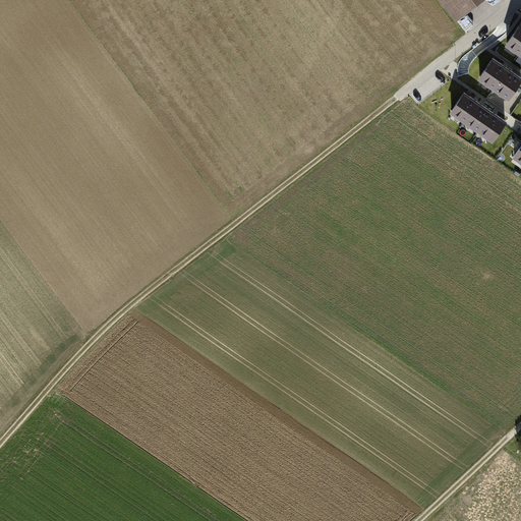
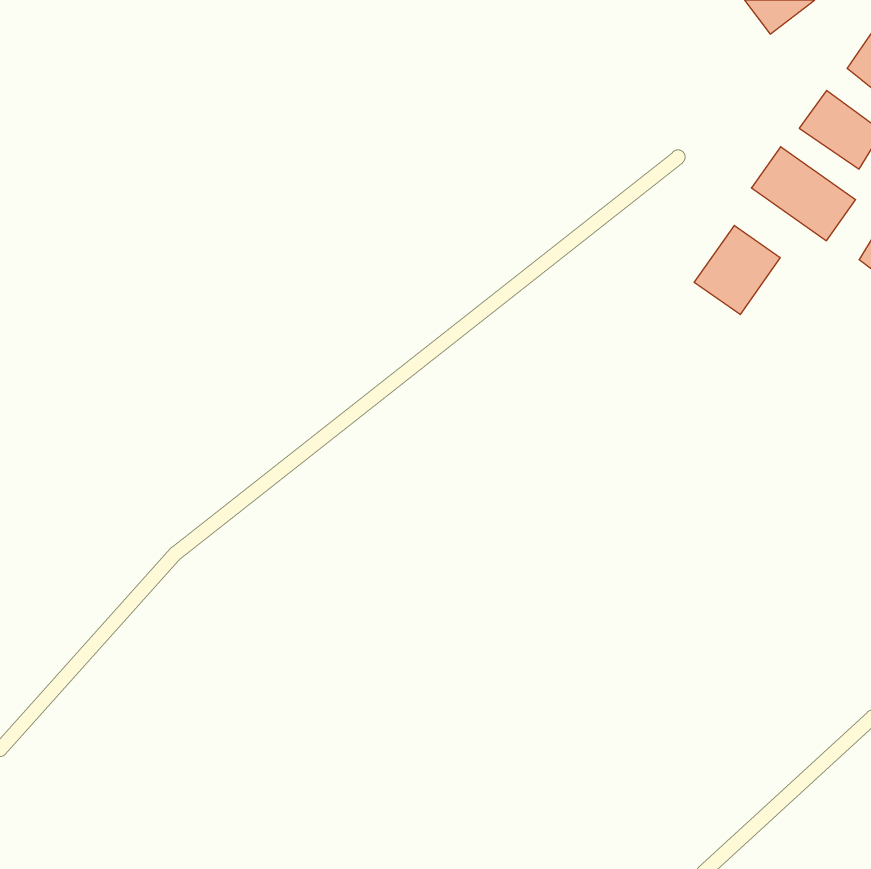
building: none -> [694,225,780,315]

